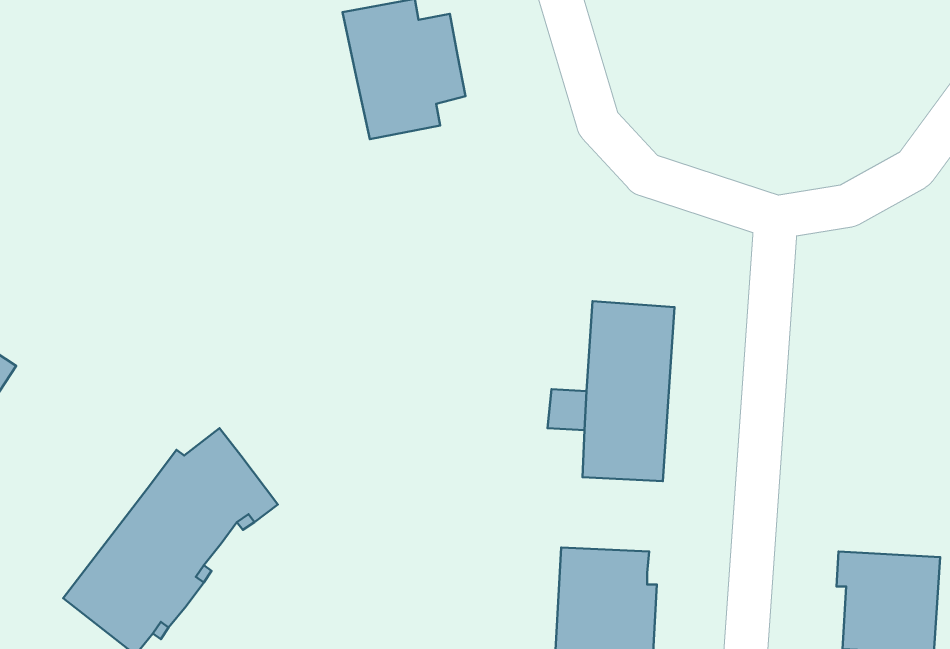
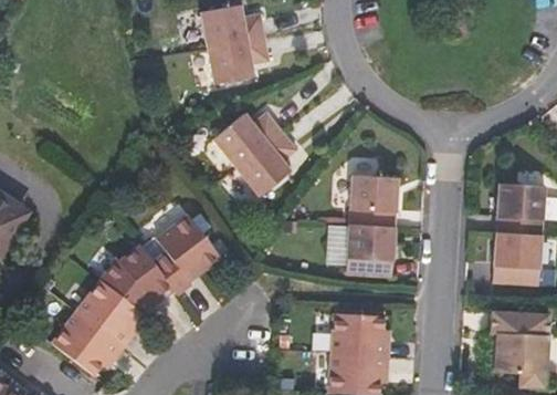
building: none -> [227,106,311,190]
building: none -> [492,183,543,284]
building: none -> [151,214,219,293]

